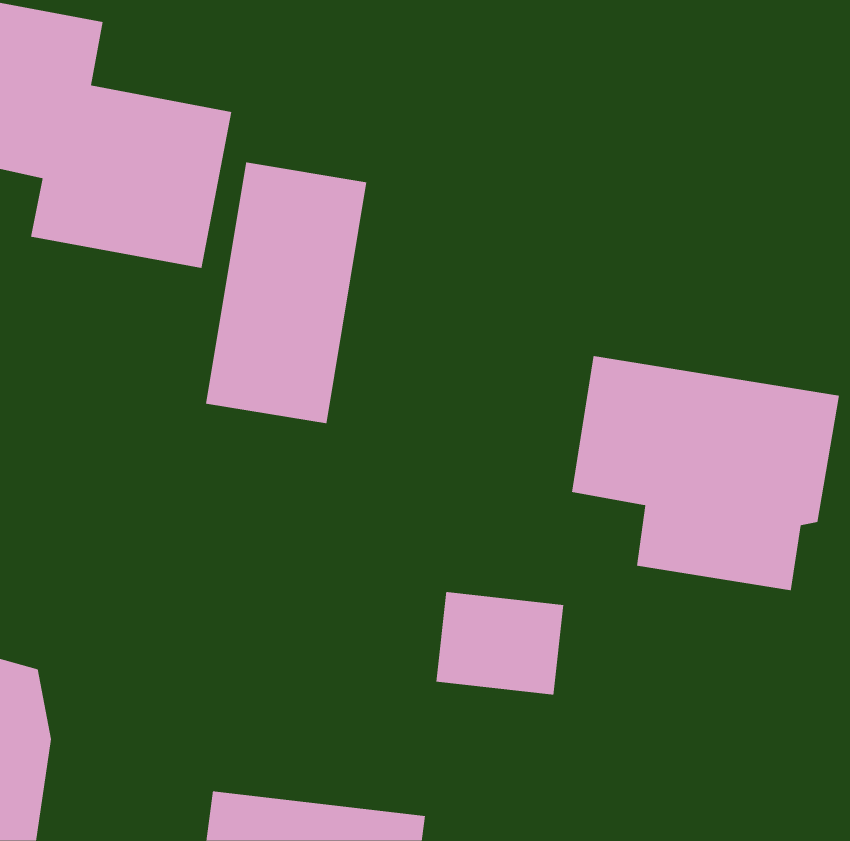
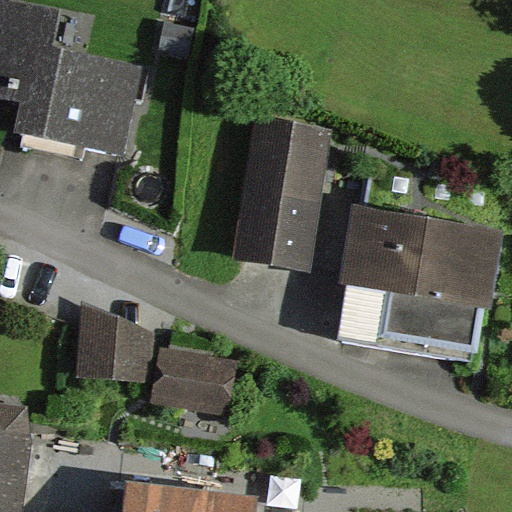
building: [205,162,367,424] -> [233,119,330,276]
building: none -> [77,303,148,381]
building: [436,592,564,695] -> [153,347,230,409]

